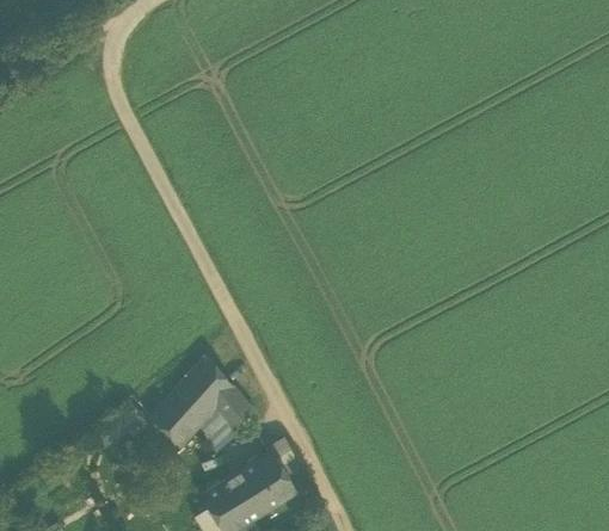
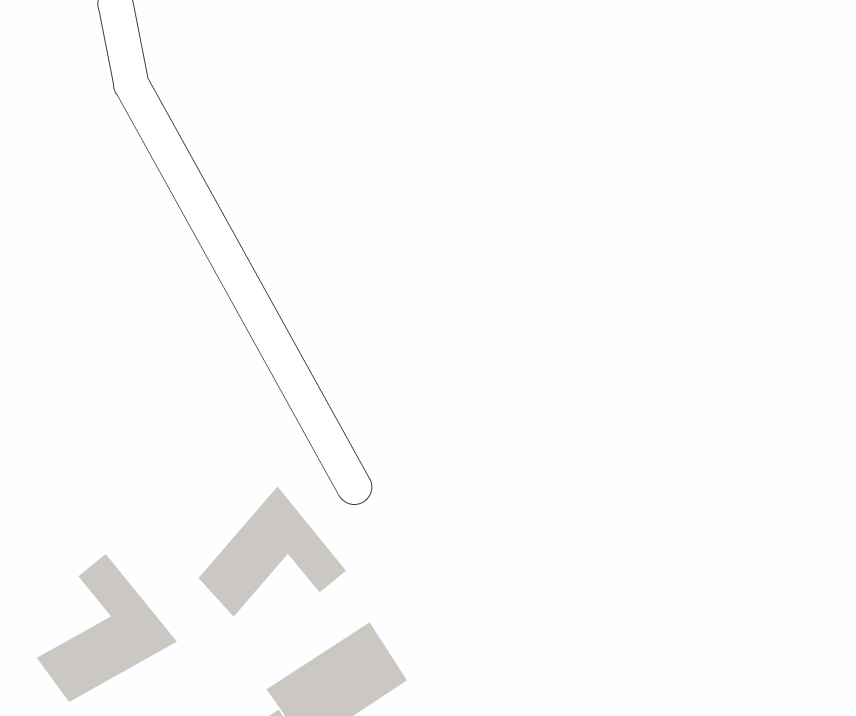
building: none -> [36,553,178,703]

